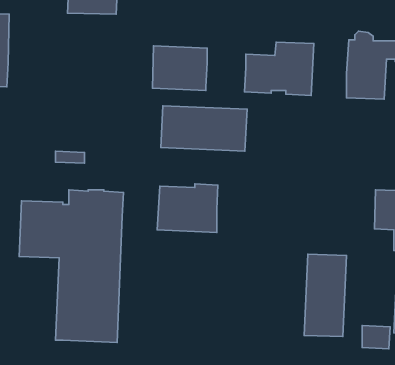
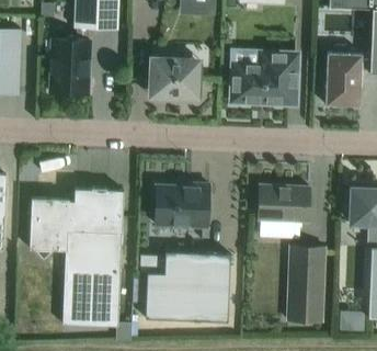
building: none -> [50,38,90,99]
building: [161,106,247,151] -> none
building: none -> [259,184,310,222]
building: none -> [145,250,230,321]

